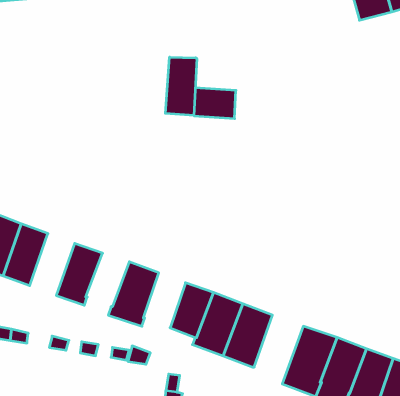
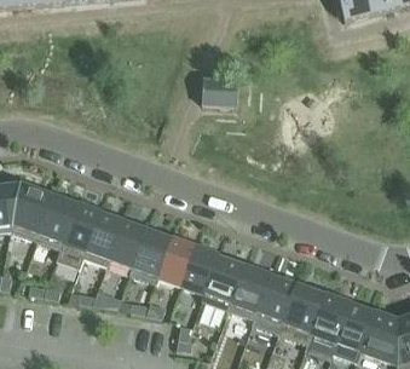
building: [165,57,197,115] -> none
building: none -> [56,203,99,267]
building: none -> [109,220,146,266]
building: none -> [158,237,195,284]
building: none -> [252,273,296,333]

